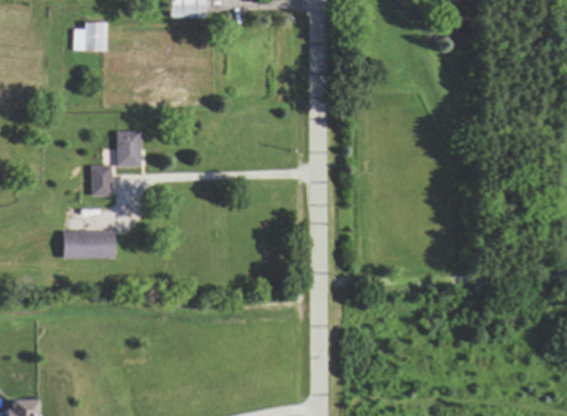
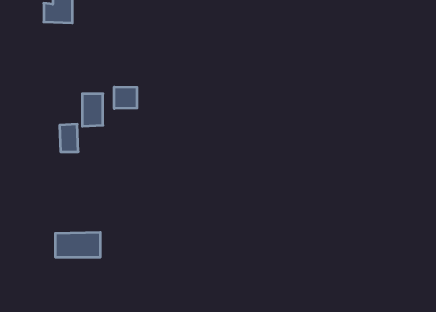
building: none -> [114,87,137,109]
building: [61,230,113,258] -> [55,232,100,257]

